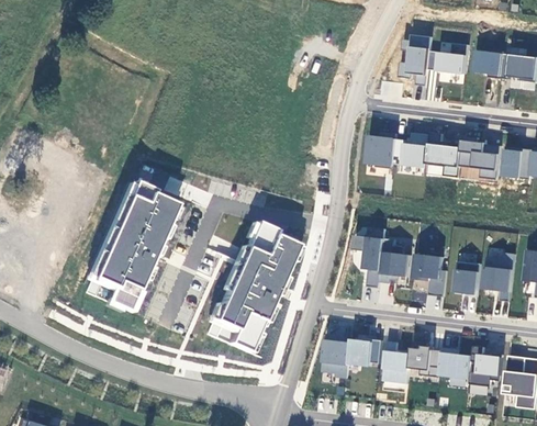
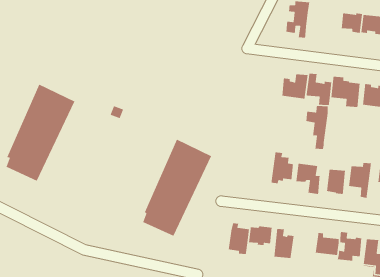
building: [428,43,469,74] -> none
building: [367,132,398,169] -> none
building: [85,179,179,312] -> [6,83,76,182]
building: [355,227,385,288] -> [306,105,328,150]
building: [410,341,443,377] -> none

